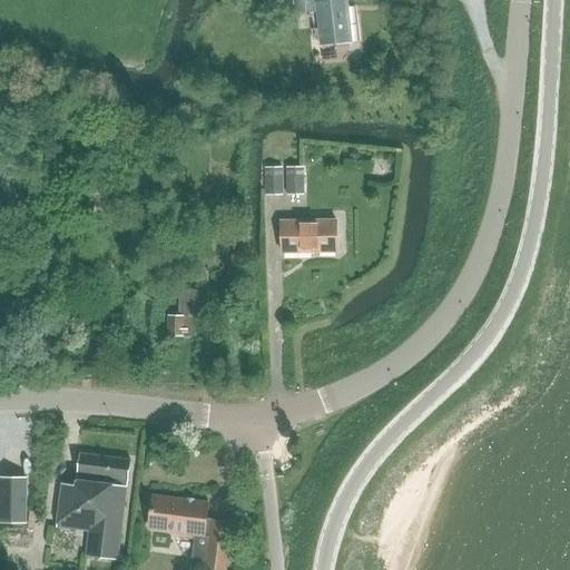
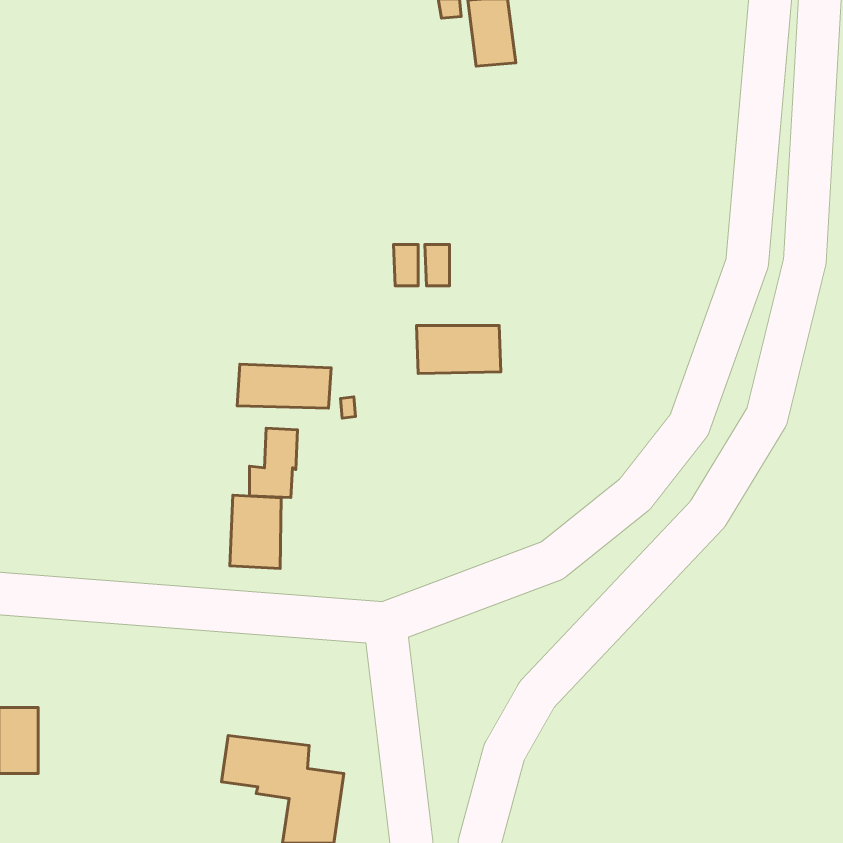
building: none -> [237,364,331,408]
building: none -> [230,495,281,568]
building: [57,452,130,556] -> none

